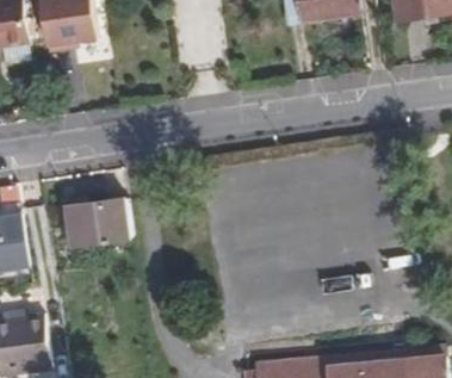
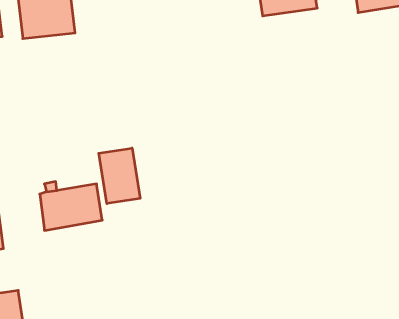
building: none -> [99,148,140,204]

